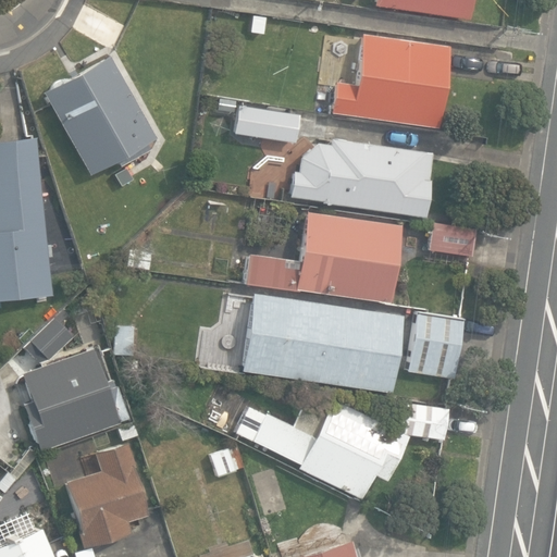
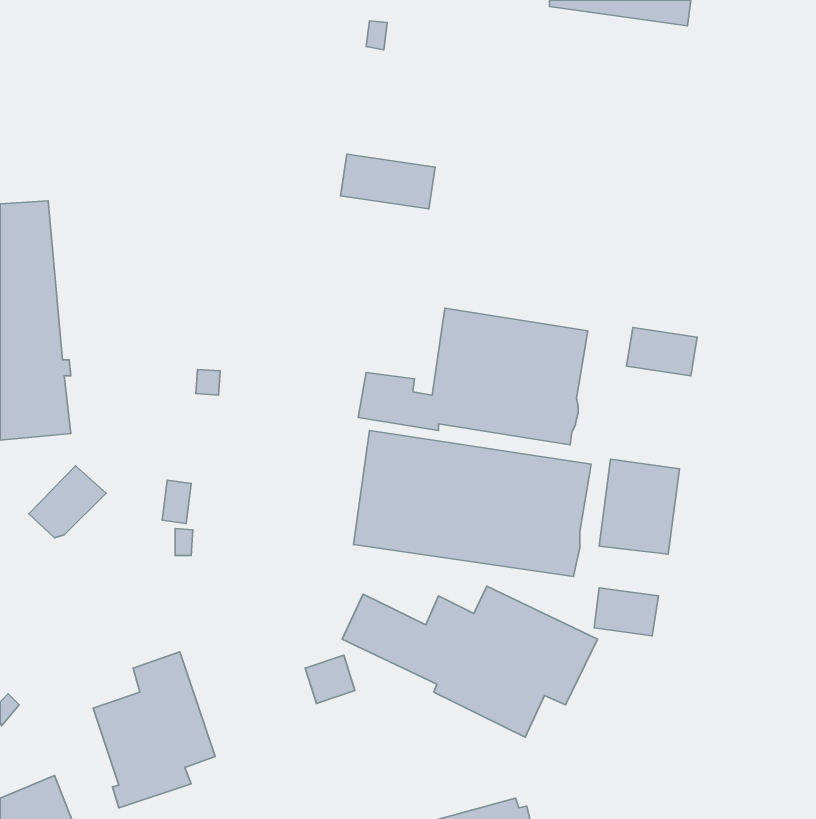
building: [332,33,449,127] -> none
building: [45,55,157,175] -> none
building: [290,139,433,215] -> none
building: [24,347,141,451] -> none

